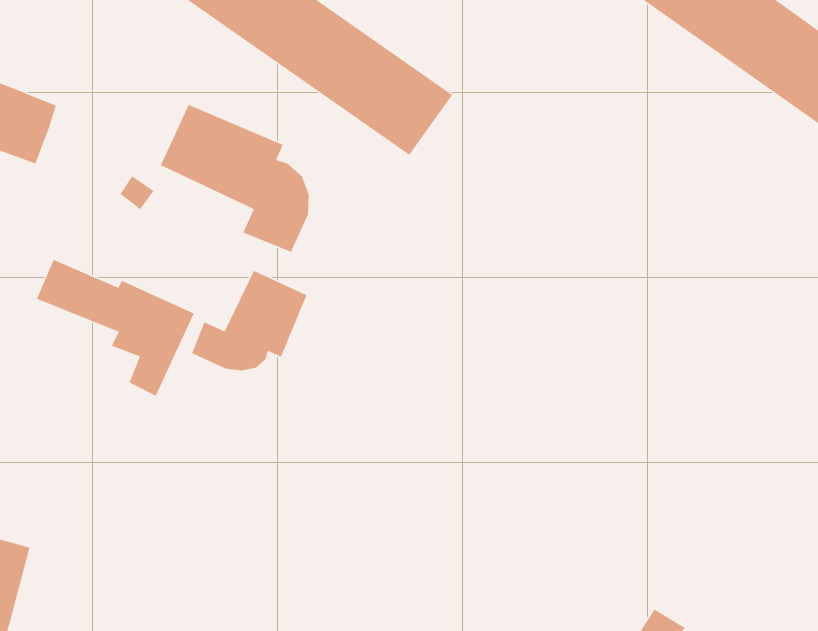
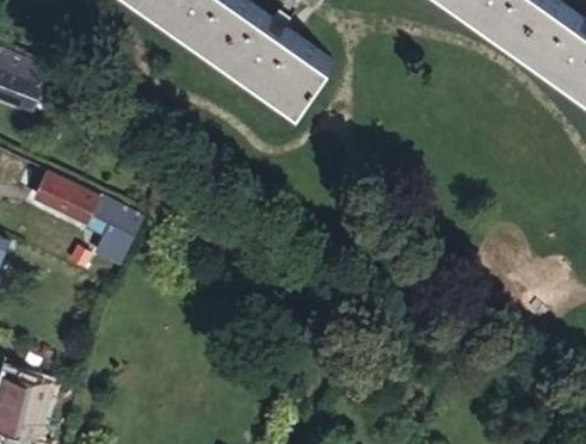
building: [160,104,310,253] -> none
building: [191,270,308,371] -> none

